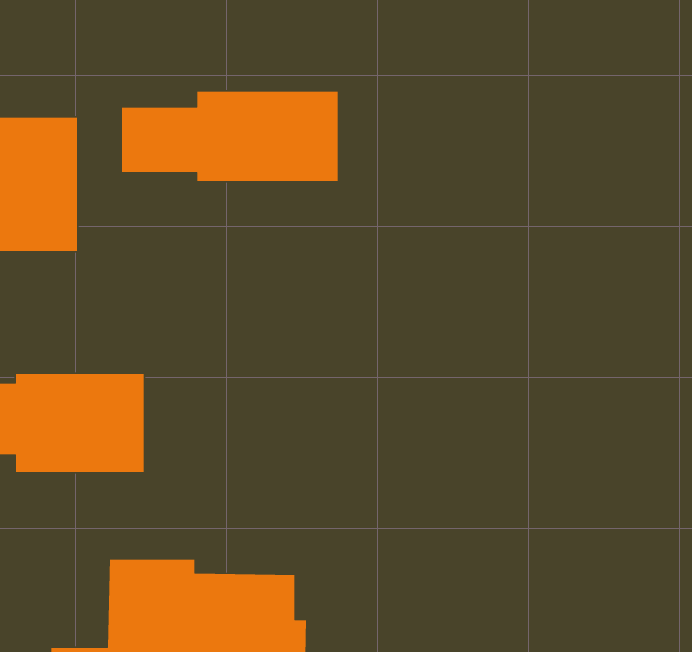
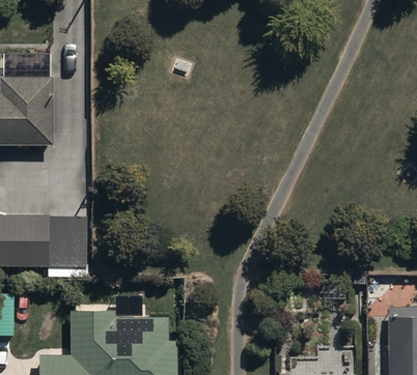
building: [121,91,338,182] -> none

